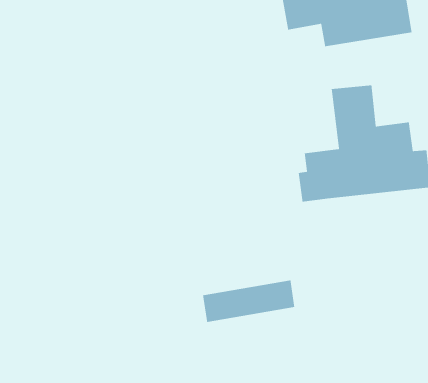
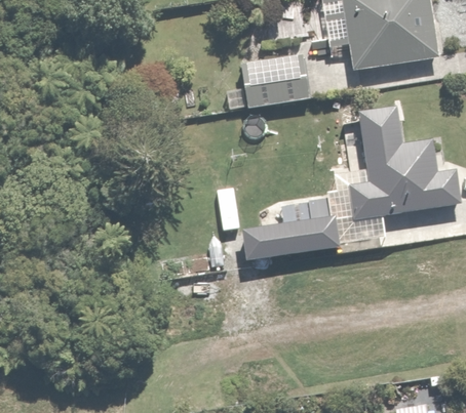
building: none -> [239,55,312,109]
building: [202,279,295,323] -> [242,218,335,261]

